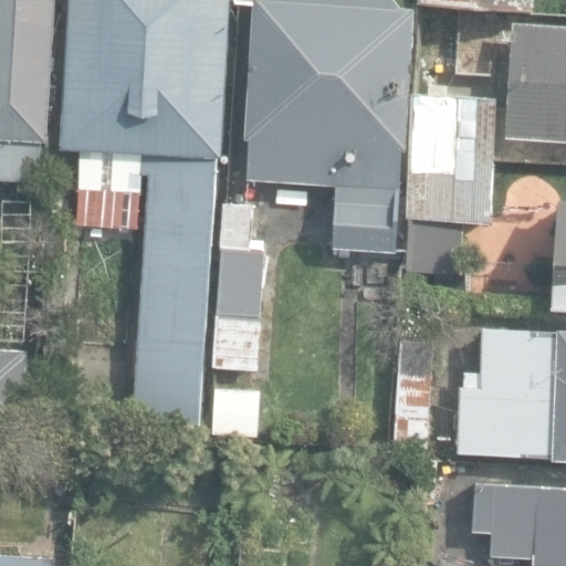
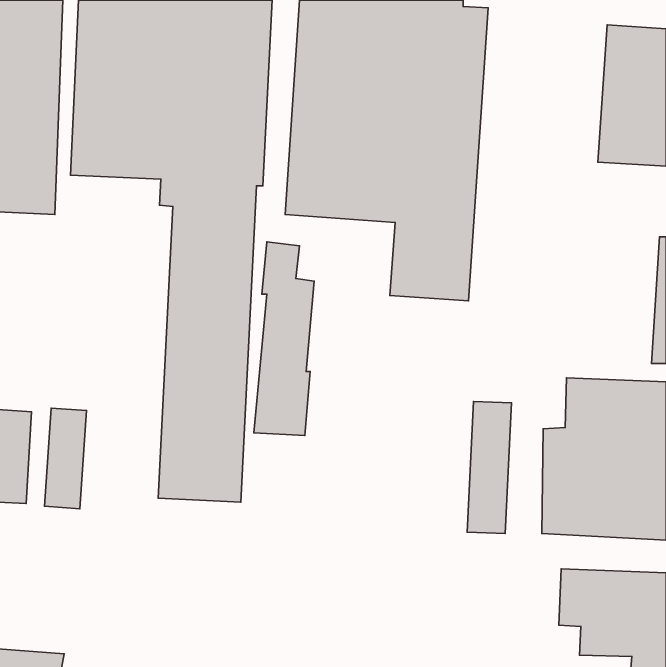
building: [405,96,495,274] -> none

